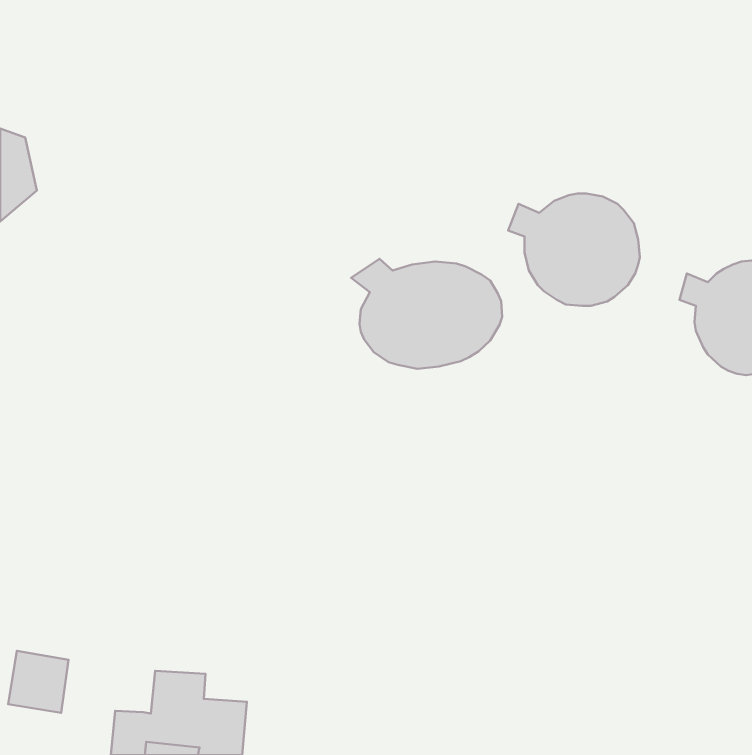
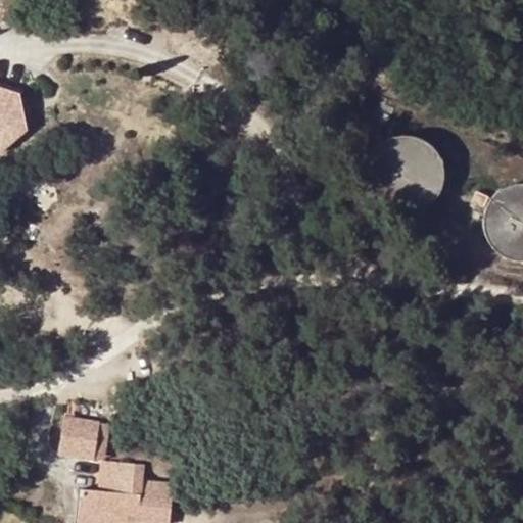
building: [351,259,502,369] -> none
building: [8,651,69,713] -> [59,416,101,459]

